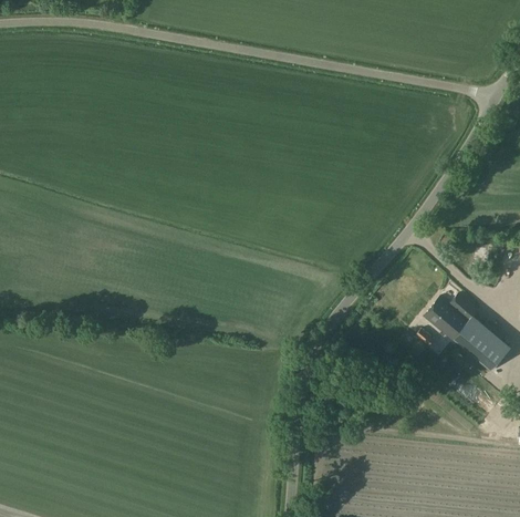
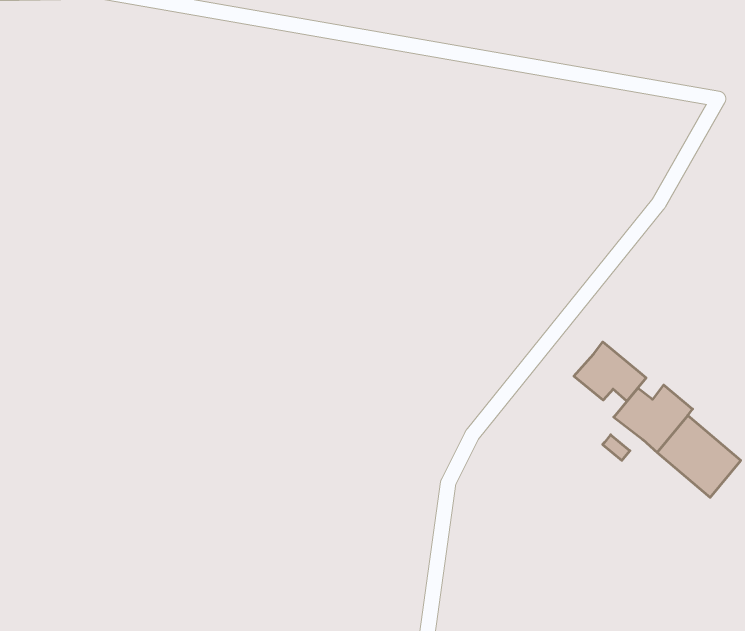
building: none -> [574,342,646,401]

